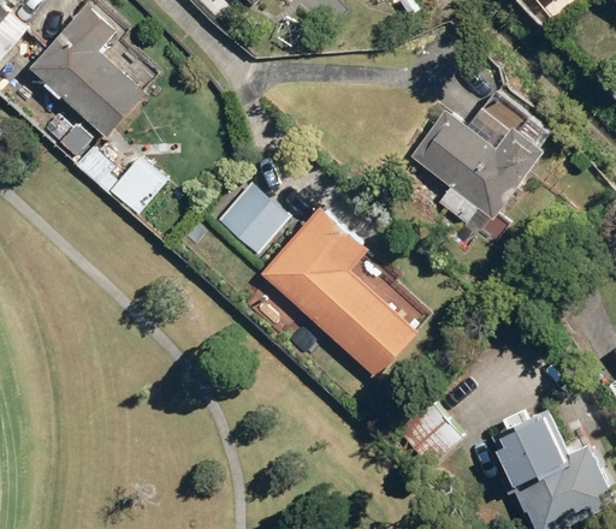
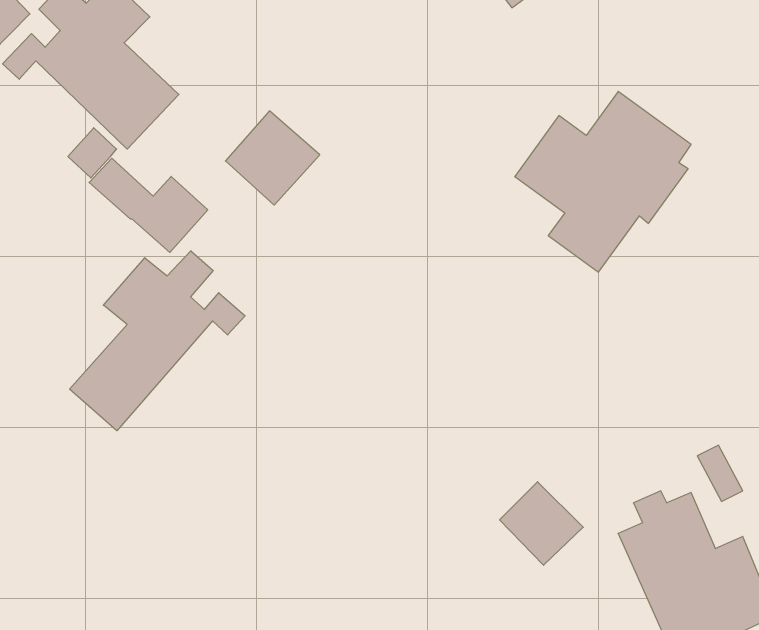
building: [215,182,290,256] -> [225,111,320,205]
building: [236,204,428,378] -> none
building: none -> [70,251,245,431]

